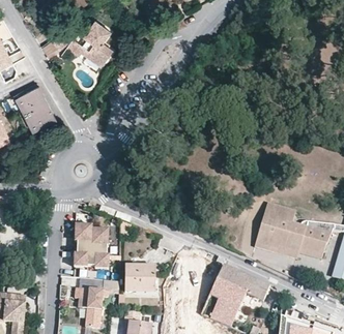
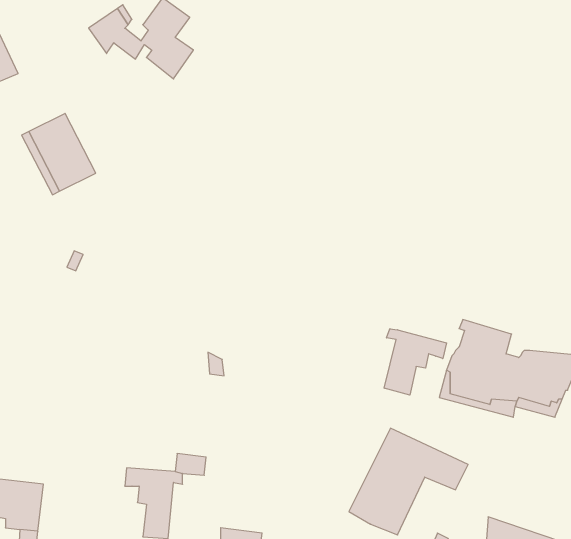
building: none -> [384,329,447,395]
building: [75,223,111,268] -> none
building: [124,264,154,291] -> none

